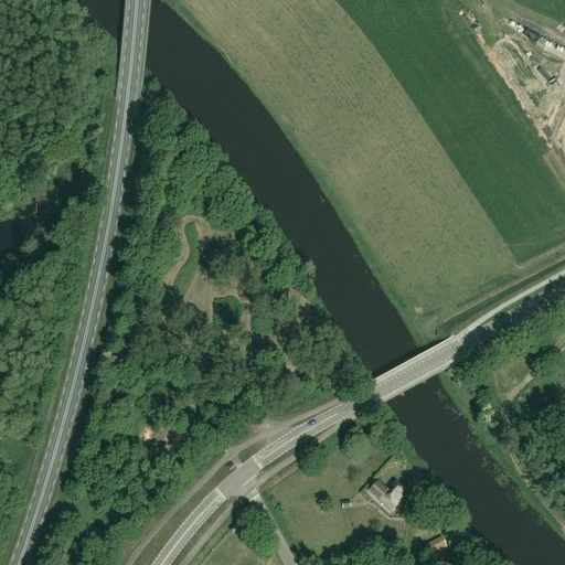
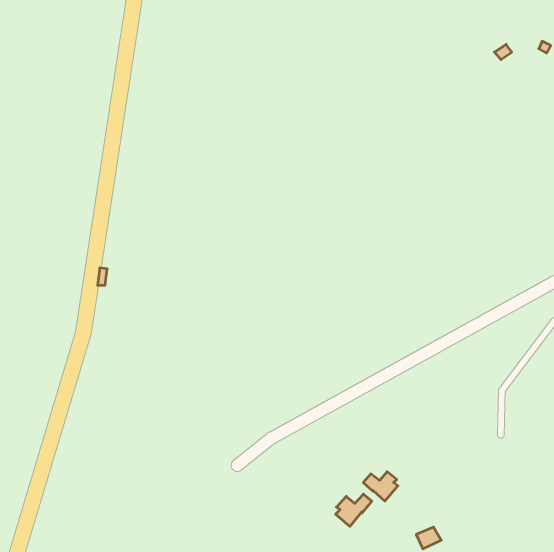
building: none -> [336,494,372,526]

